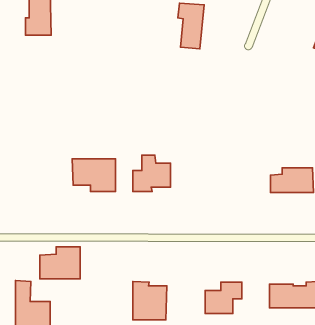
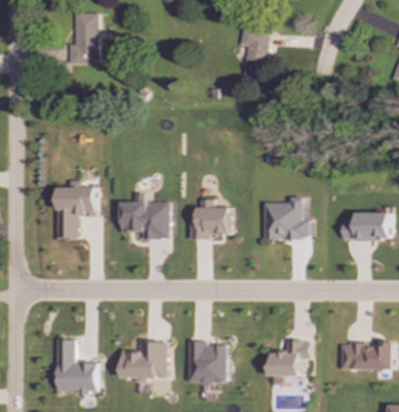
building: none -> [56,180,95,239]
building: none -> [264,197,309,239]
building: [40,247,80,279] -> [122,341,167,377]

